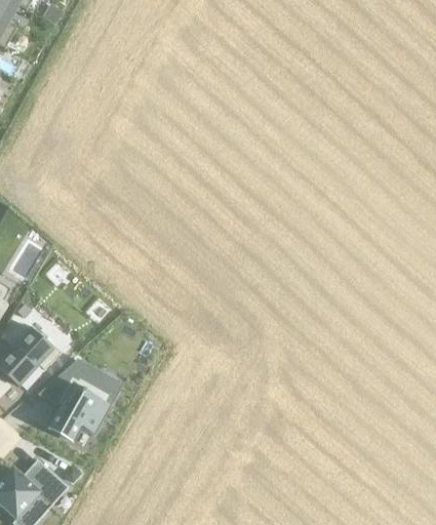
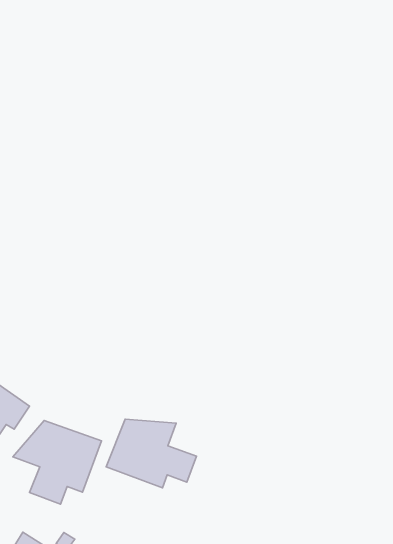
building: none -> [106,419,196,488]

